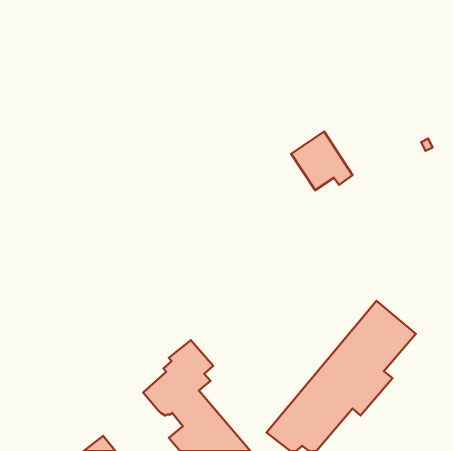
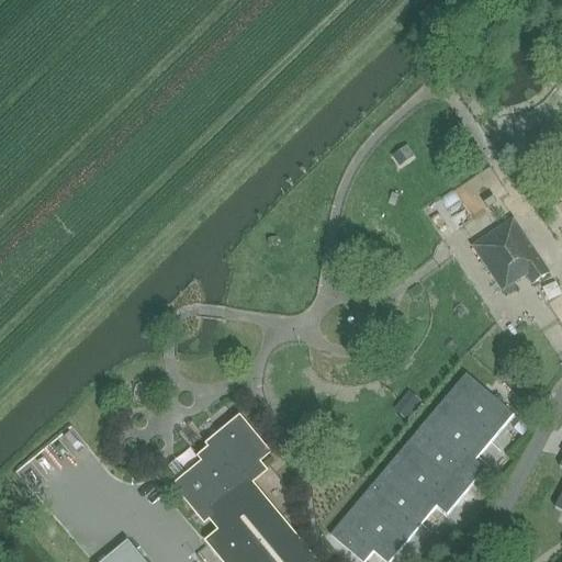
building: [291,132,352,190] -> [472,217,548,290]

